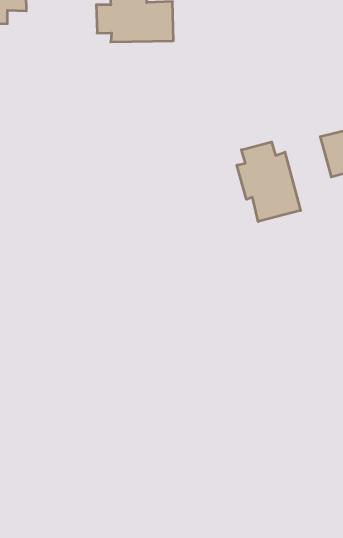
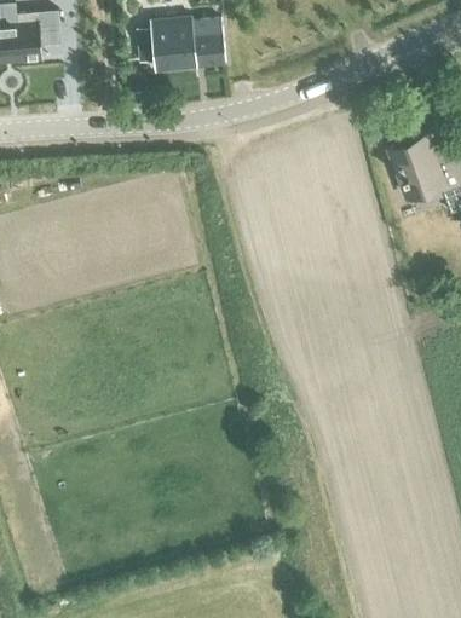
building: [237,142,301,222] -> none

